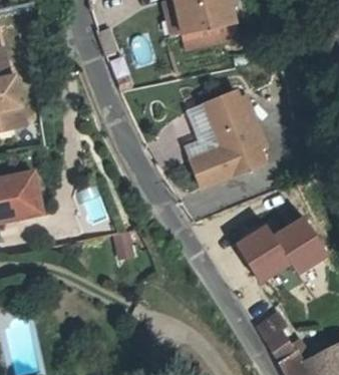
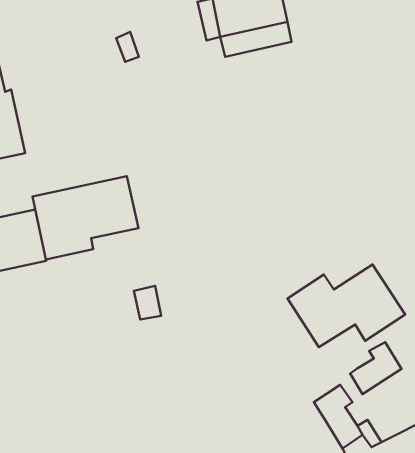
building: [186,91,265,188] -> none
building: none -> [32,176,139,260]
building: none -> [350,342,402,394]

